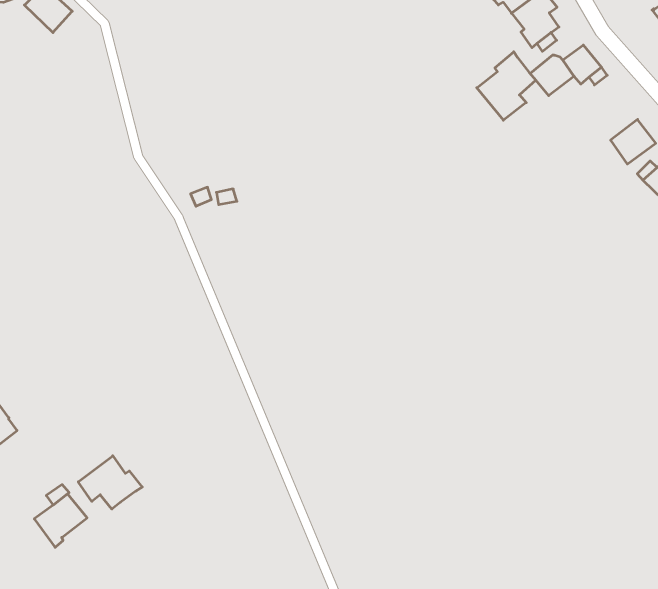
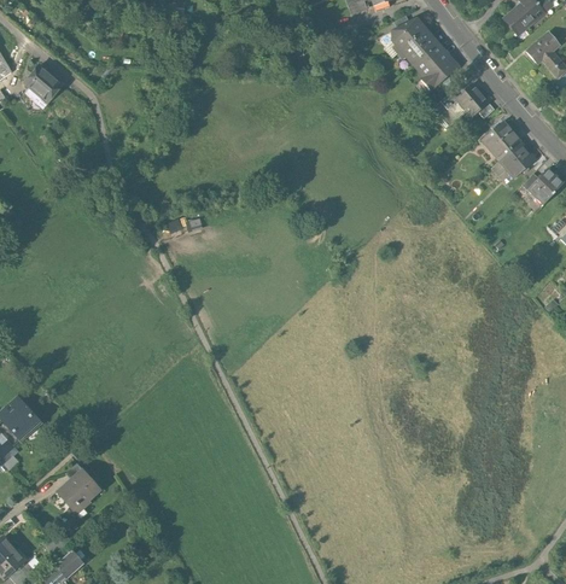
building: [477,52,536,120] -> none
building: none -> [480,121,519,160]
building: [78,456,142,509] -> none

